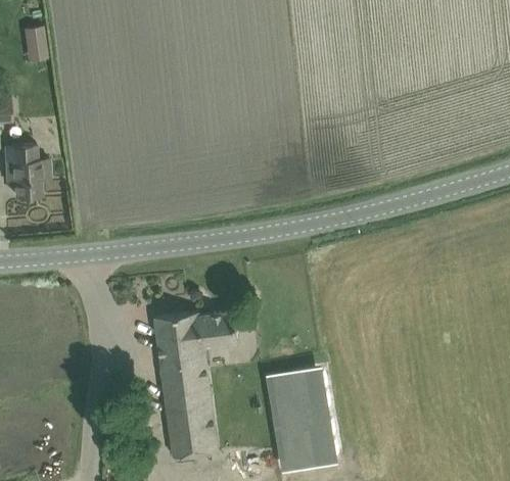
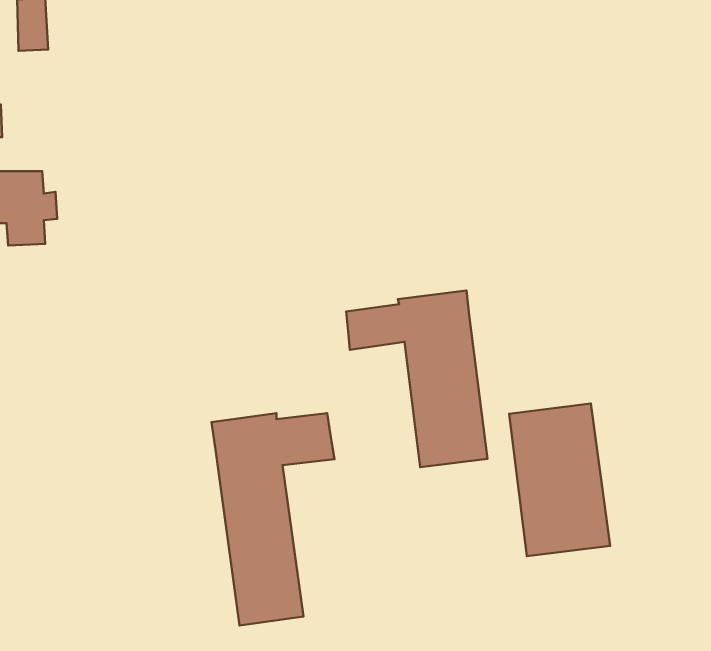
building: none -> [346,291,488,467]
building: [260,367,329,472] -> [509,403,610,556]

